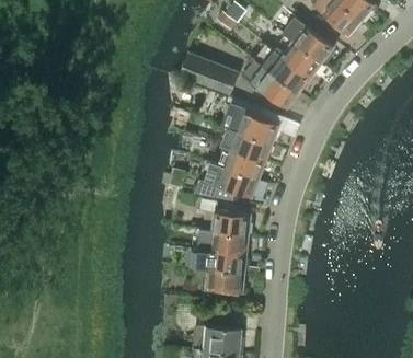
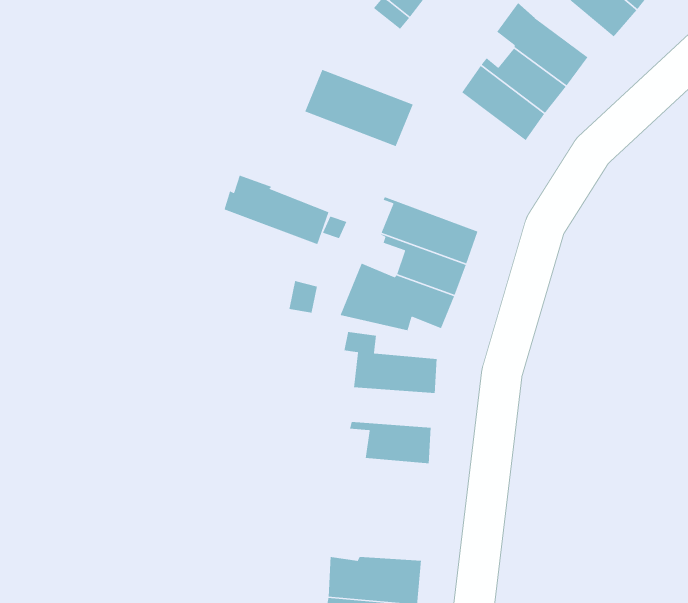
building: [251,66,299,109] -> none
building: [220,104,279,143] -> [224,175,329,245]
building: [202,231,249,253] -> none
building: [208,270,245,292] -> none

